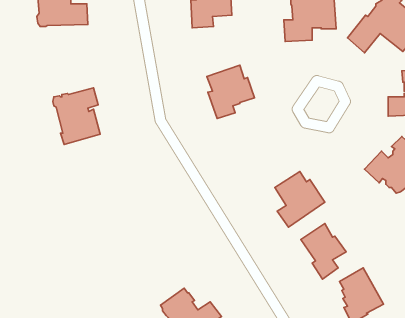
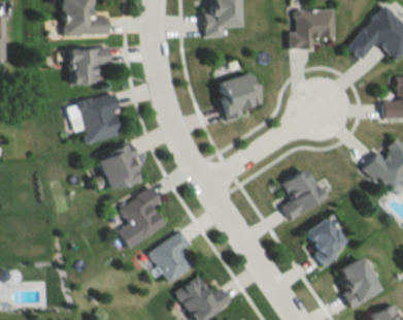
building: none -> [69,47,109,85]
building: none -> [99,145,142,190]
building: none -> [119,187,166,249]
building: none -> [149,230,195,283]

